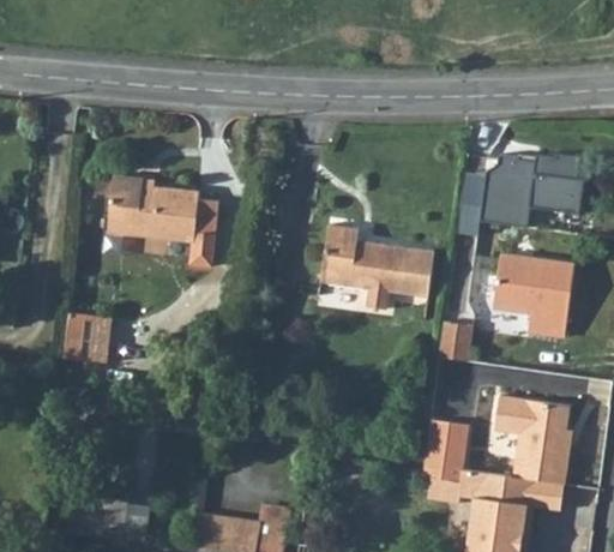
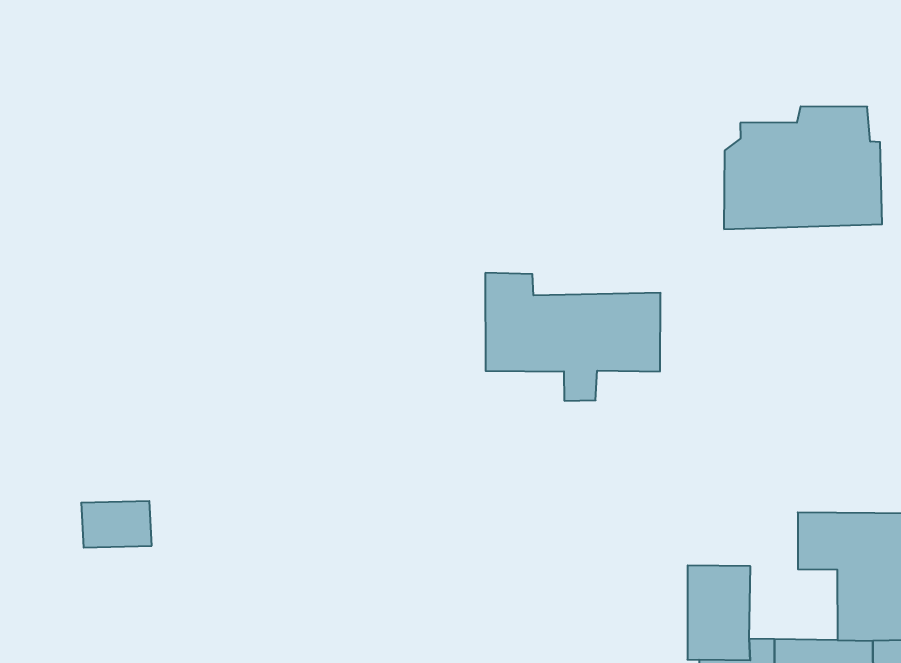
building: [107,174,217,263] -> none
building: [494,253,576,338] -> none
building: [438,320,472,361] -> none

